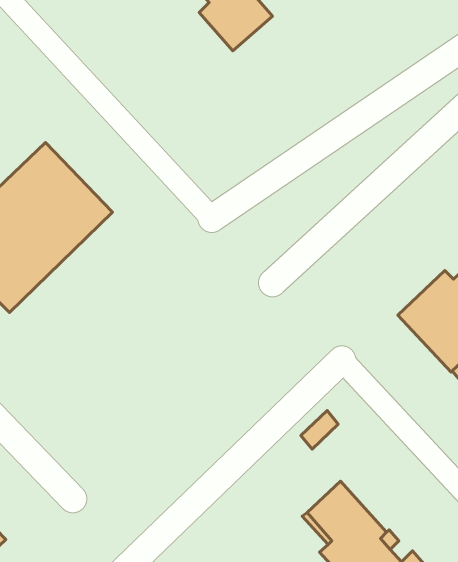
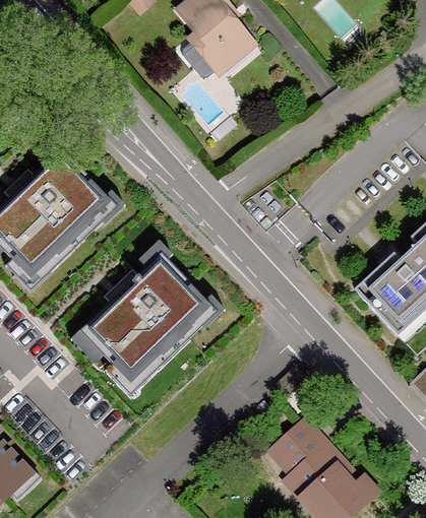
building: none -> [80,255,217,390]

